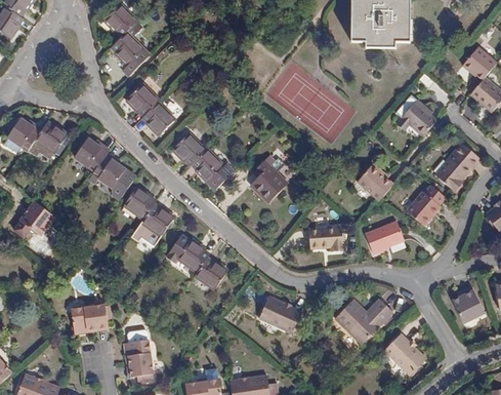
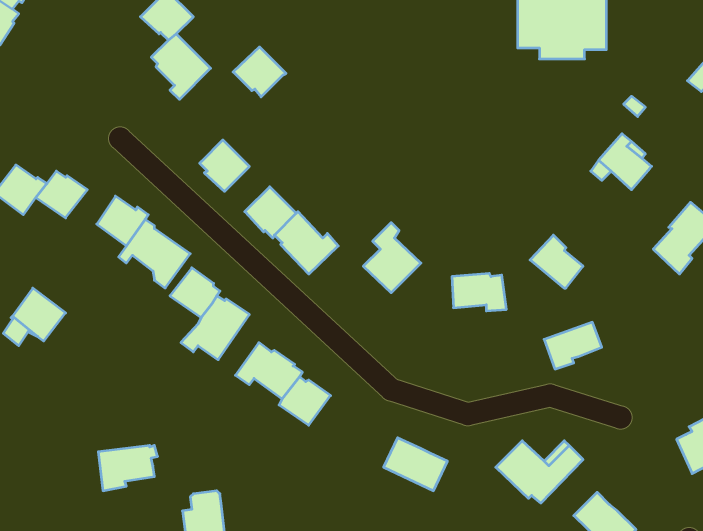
building: [122,83,157,116] -> [233,47,286,97]
building: [407,182,446,225] -> none
building: [309,226,345,250] -> [452,273,506,311]

